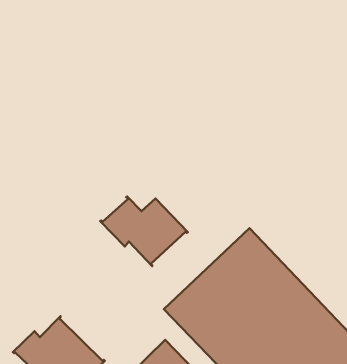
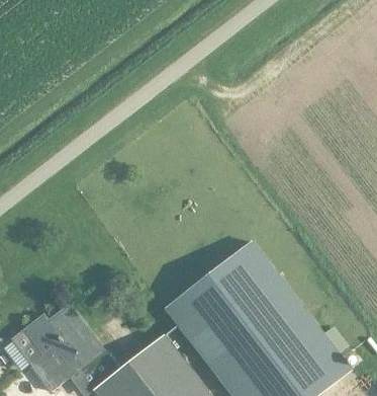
building: [100,196,188,266] -> none

